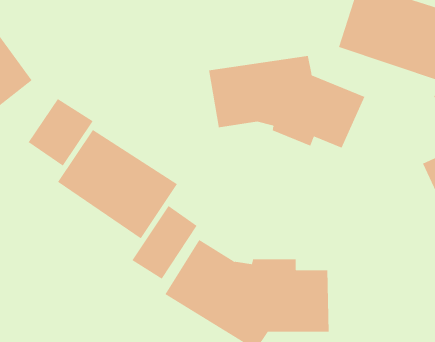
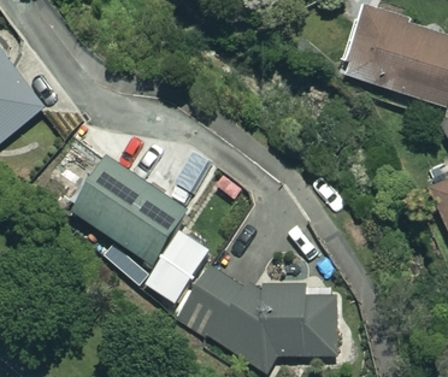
building: [208,55,365,149] -> none
building: [28,98,93,167] -> none

